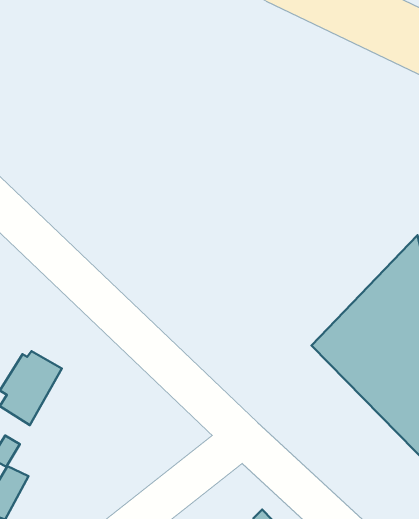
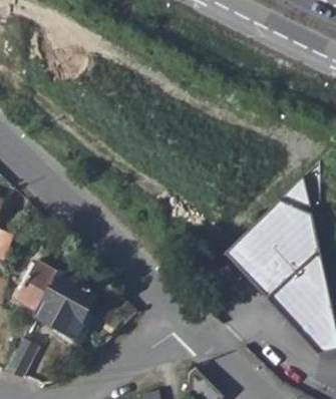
building: none -> [36,272,97,339]

